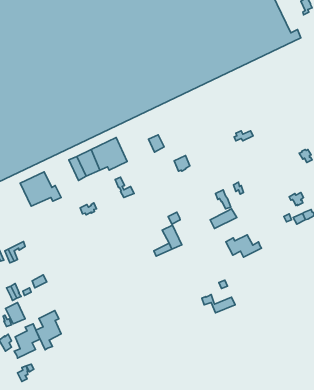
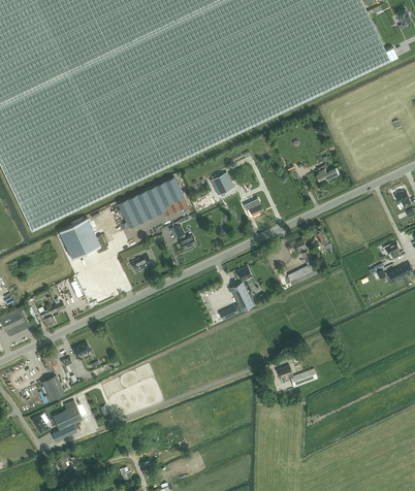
building: [226,235,262,257] -> none
building: [36,310,61,350] -> none

